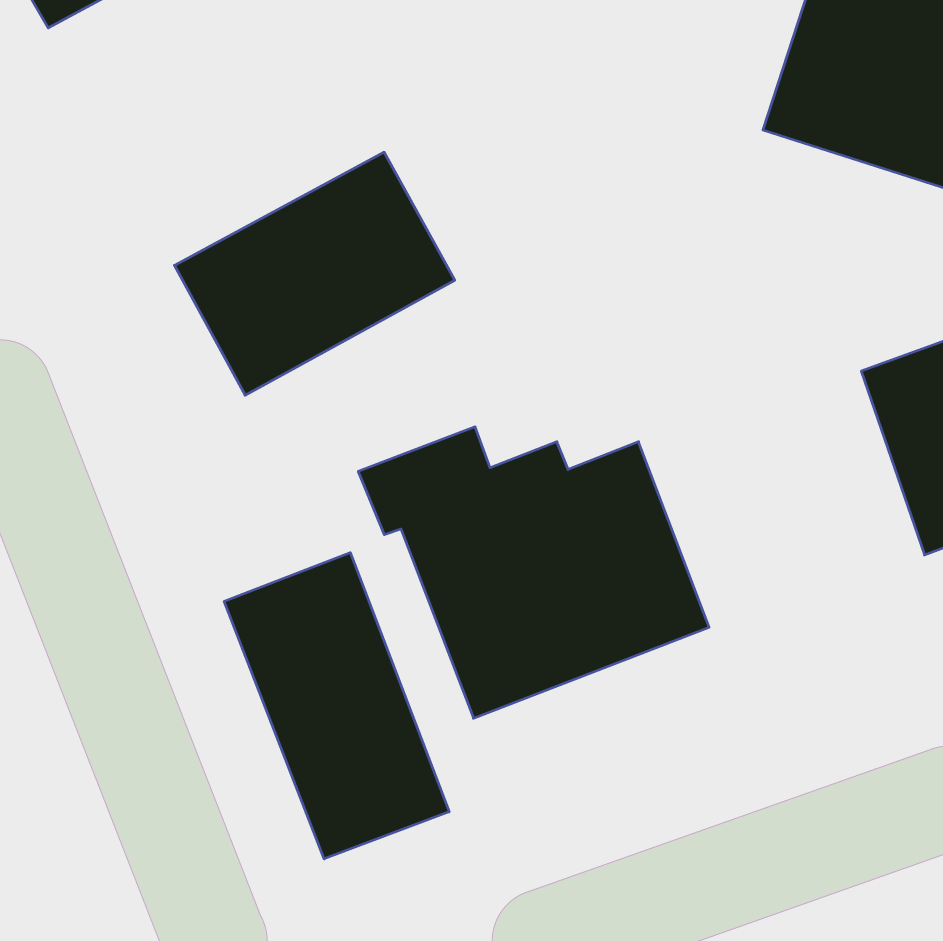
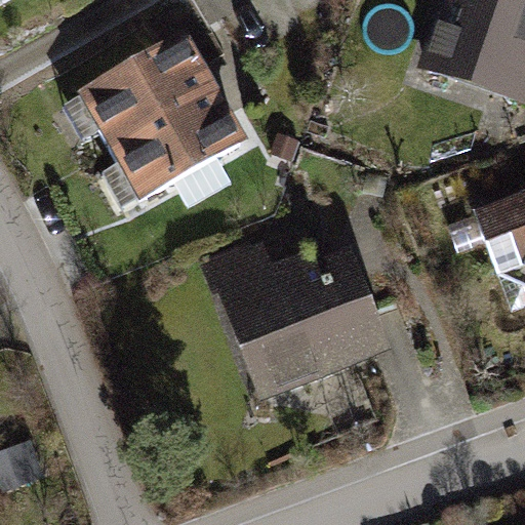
building: none -> [60,13,215,147]
building: [224,553,449,859] -> none

